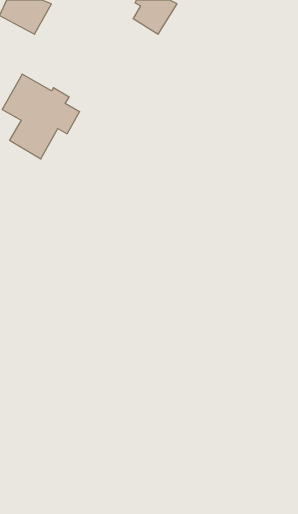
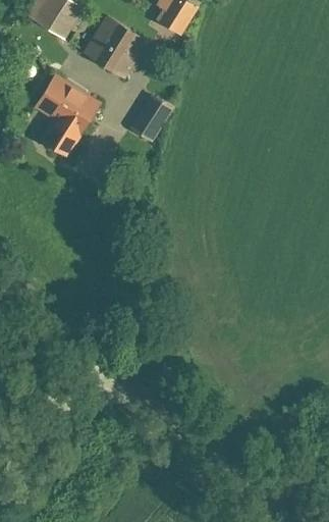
building: none -> [85,16,144,75]
building: none -> [130,97,169,140]

